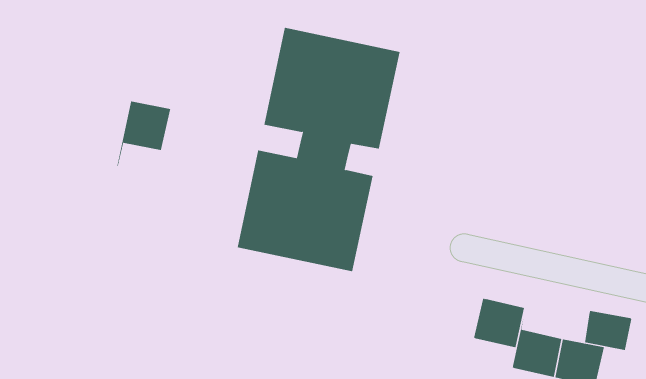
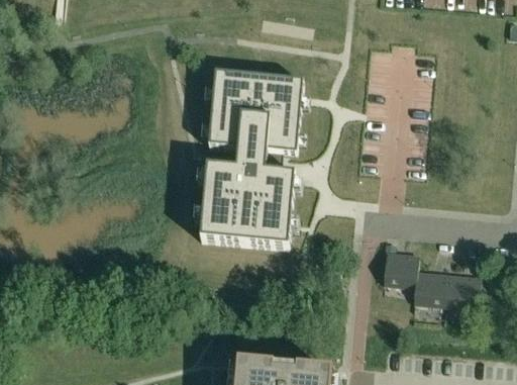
building: [117,99,171,168] -> none
building: [584,310,632,351] -> none

